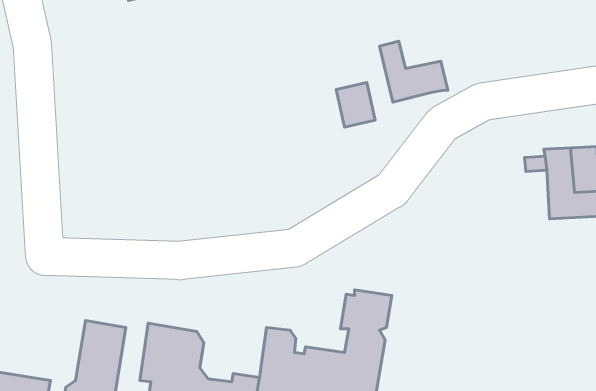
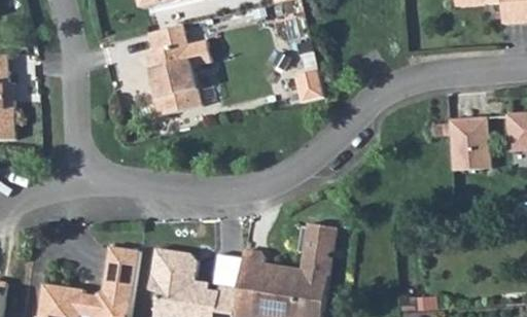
building: none -> [146,26,211,116]
building: [379,41,448,102] -> none

